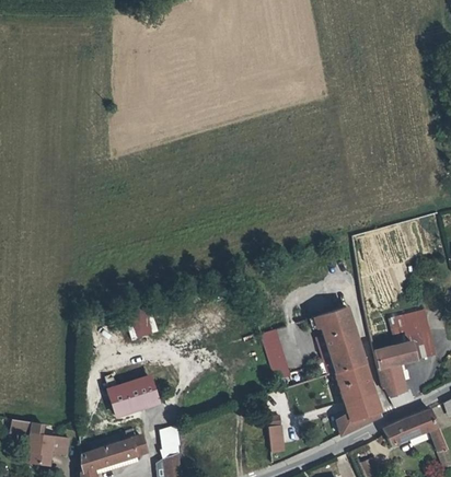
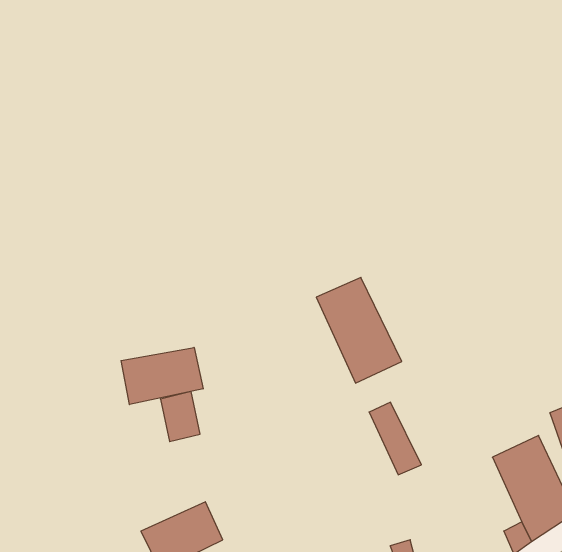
building: none -> [121,347,203,405]
building: [317,307,366,373] -> [316,277,402,383]

